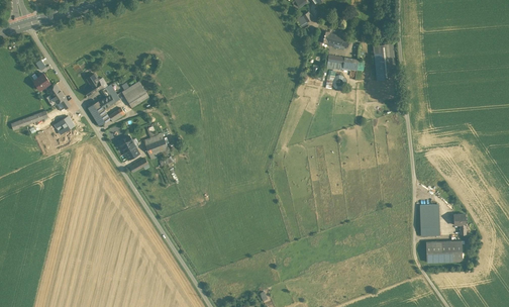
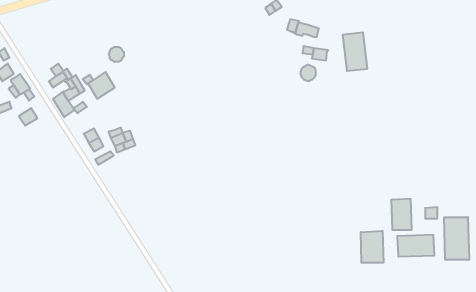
building: none -> [444,217,469,260]
building: none -> [361,231,383,263]

